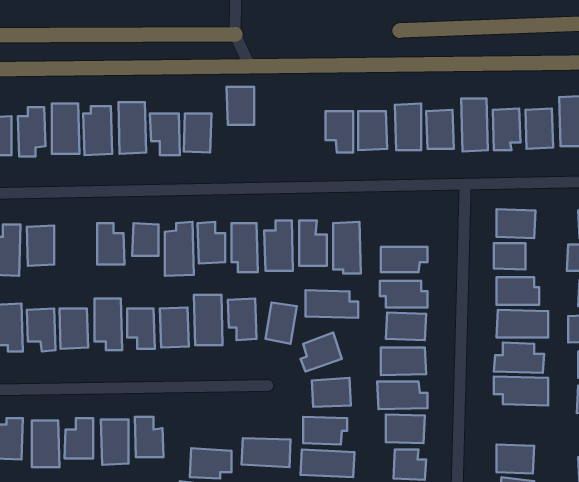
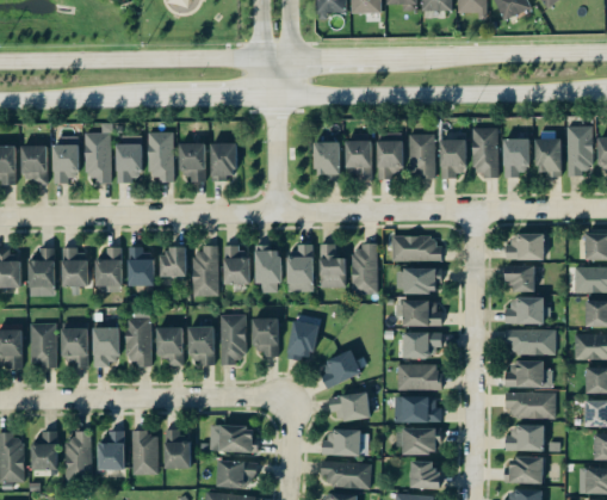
building: [227,87,254,125] -> [312,142,339,178]
building: none -> [94,247,122,286]
building: [306,290,358,318] -> [392,236,442,263]
building: none -> [504,425,544,452]
building: [242,438,291,467] -> [210,426,256,453]

